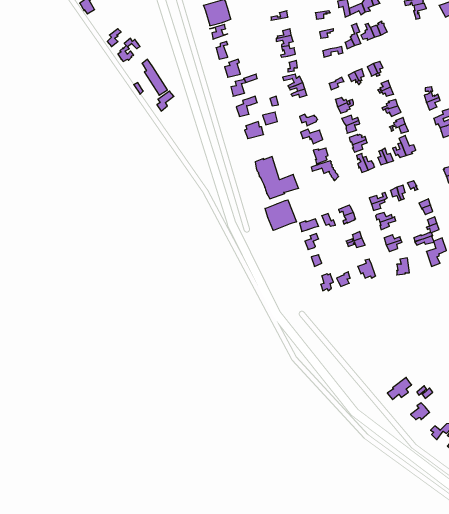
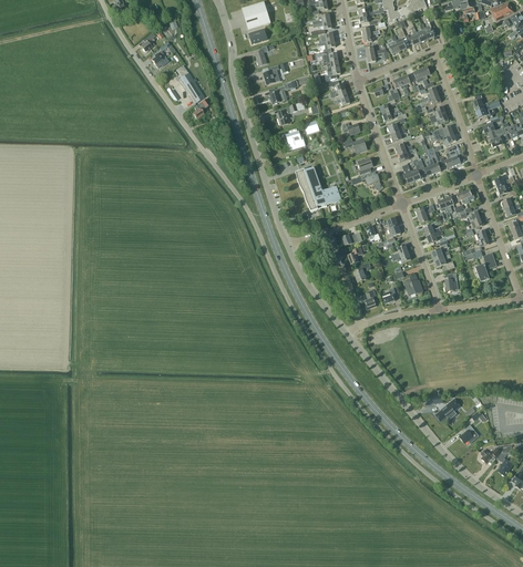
building: [265,200,296,230] -> none

